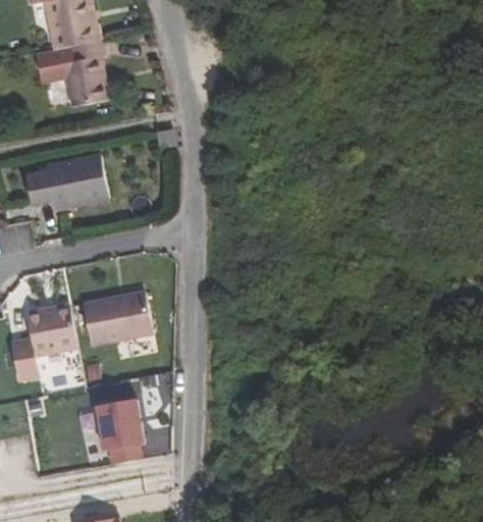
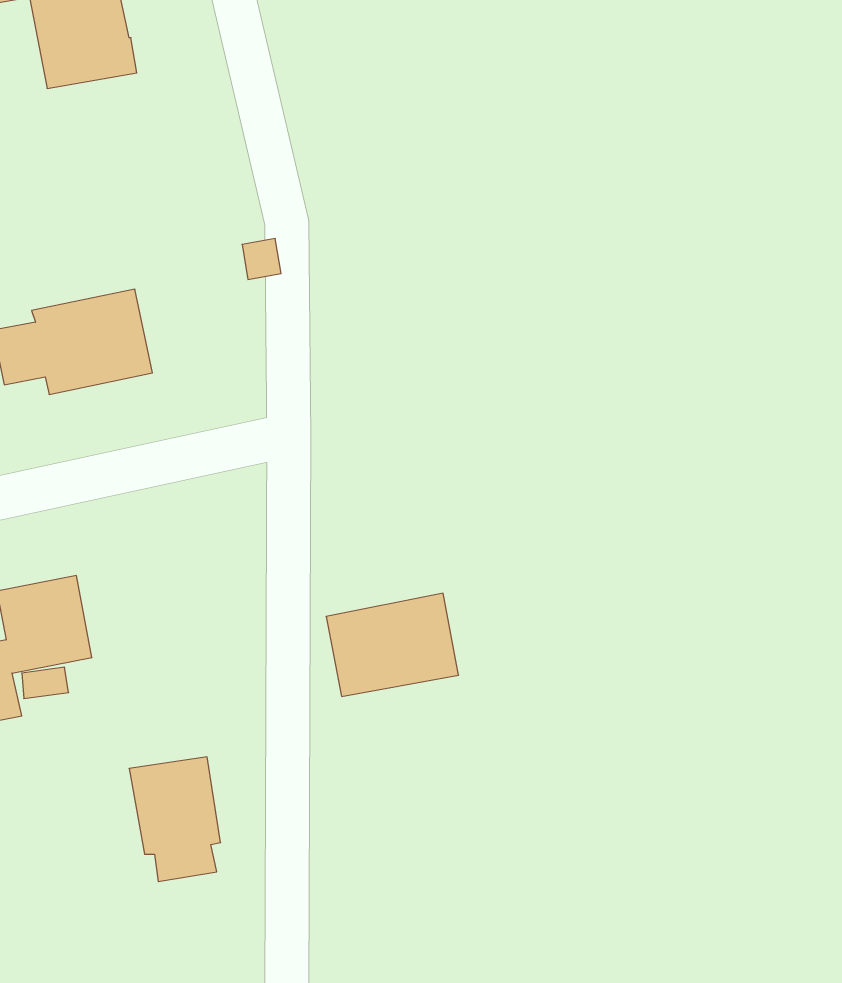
building: [34,40,108,107] -> none
building: [83,291,152,345] -> [326,593,459,696]

